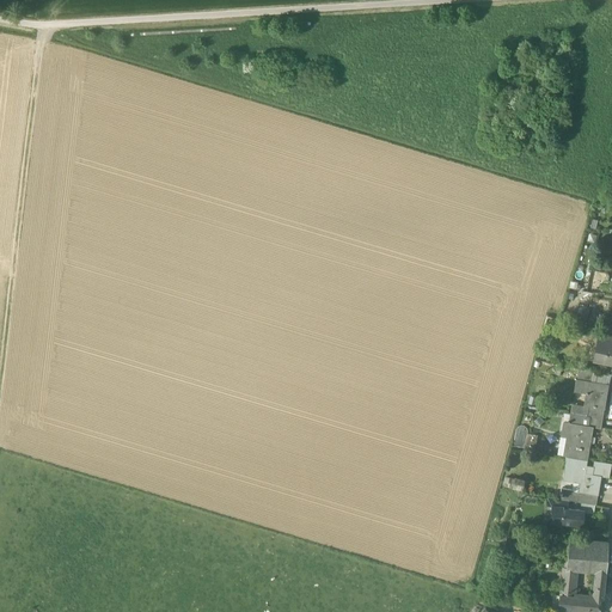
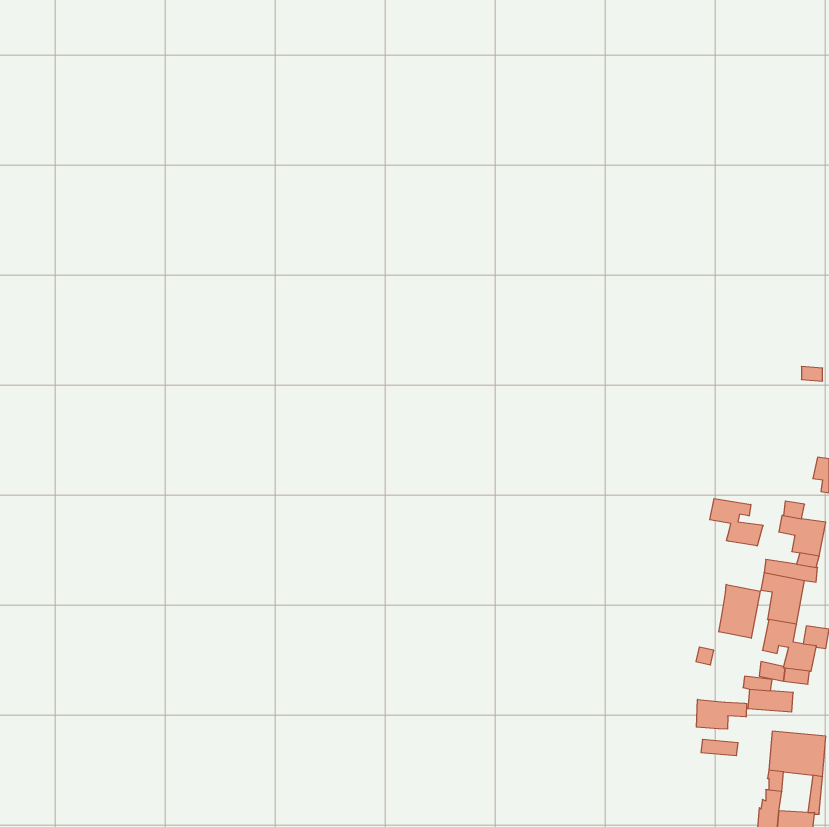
building: none -> [710,499,763,546]
building: none -> [719,584,760,638]
building: none -> [696,699,747,729]

